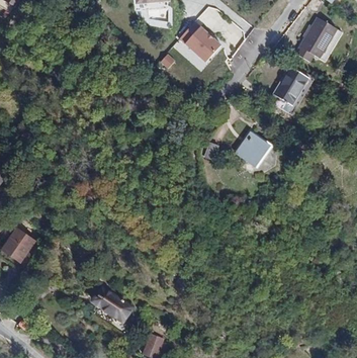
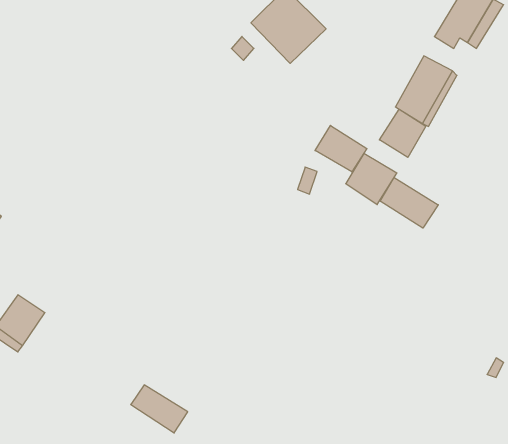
building: none -> [379,109,426,157]
building: none -> [315,125,367,172]
building: none -> [380,177,438,228]

